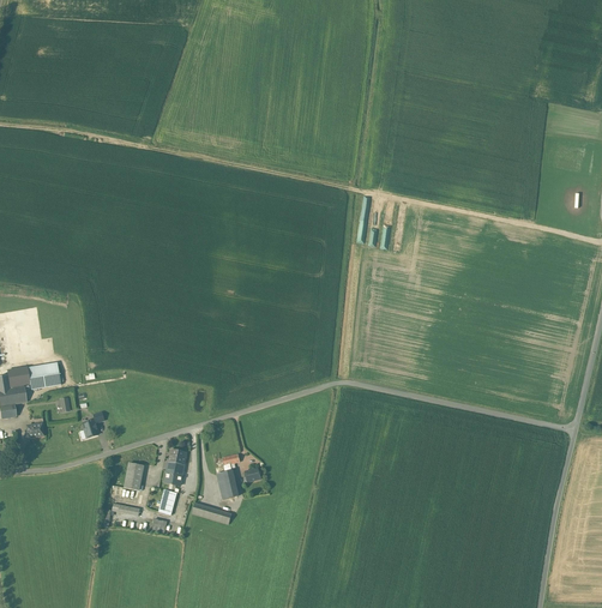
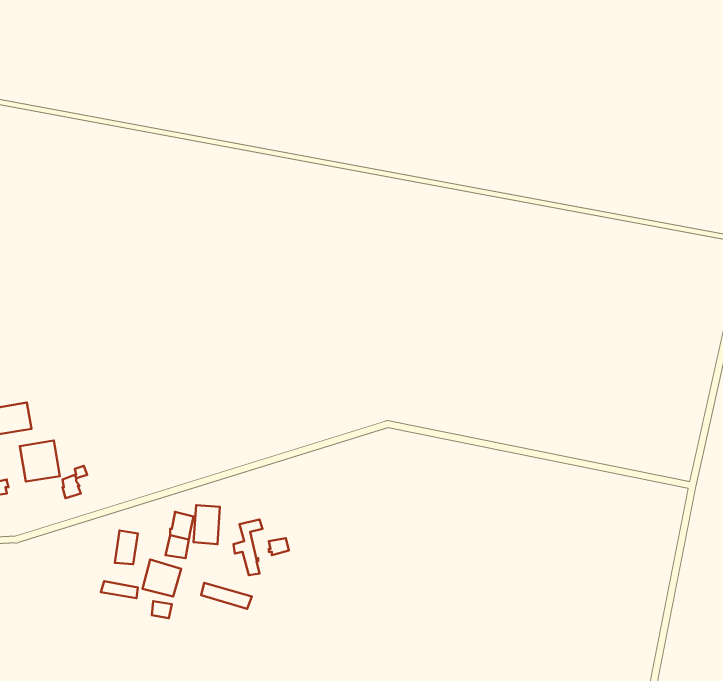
building: none -> [20,441,60,481]
building: none -> [194,505,220,544]

